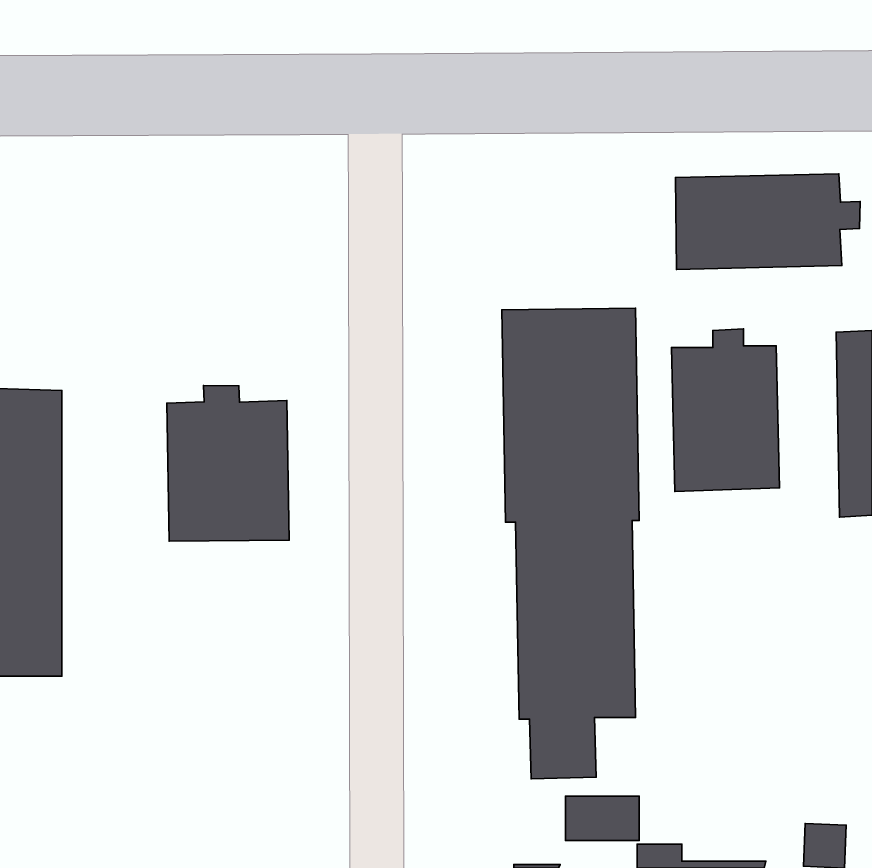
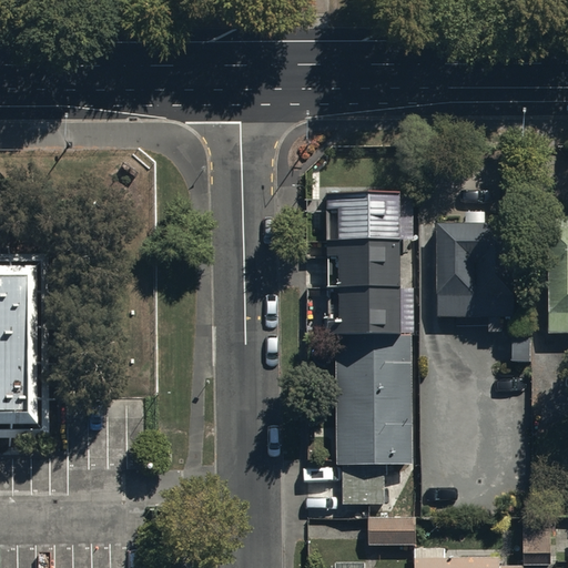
building: [675,174,860,269] -> none
building: [167,385,289,541] -> none

